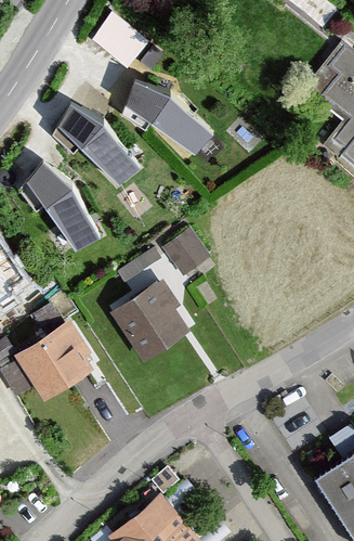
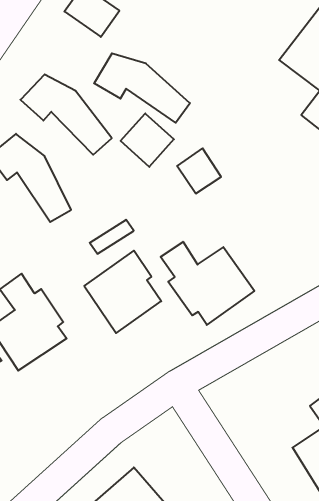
building: none -> [121,113,174,167]
building: [162,230,206,274] -> [177,148,221,193]
building: none -> [161,242,254,325]

